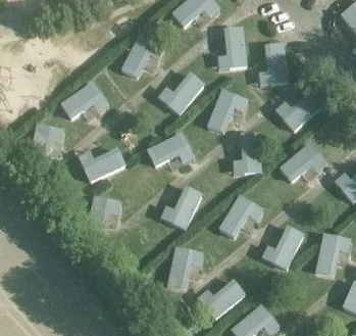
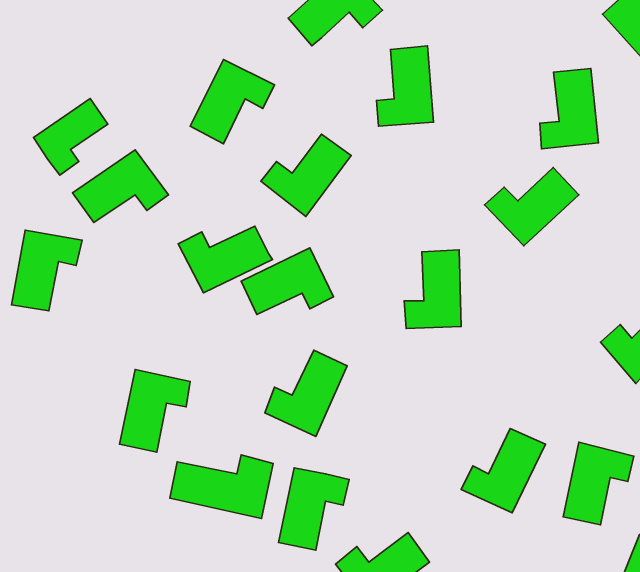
building: [257,42,288,84] -> [540,68,599,149]
building: none -> [34,99,108,175]
building: [206,88,248,132] -> none
building: [279,142,328,183] -> none
building: [77,147,125,182] -> [178,226,272,293]
building: [218,194,263,238] -> none
building: none -> [170,455,273,519]

